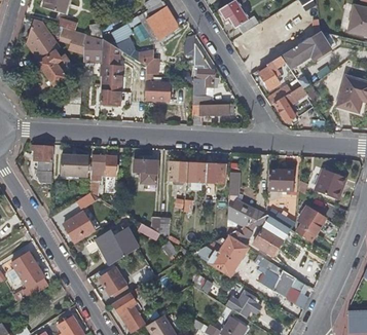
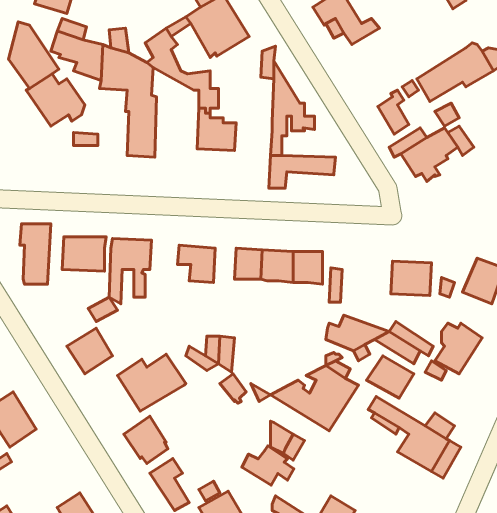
building: [227,293,260,318] -> [242,446,294,485]

